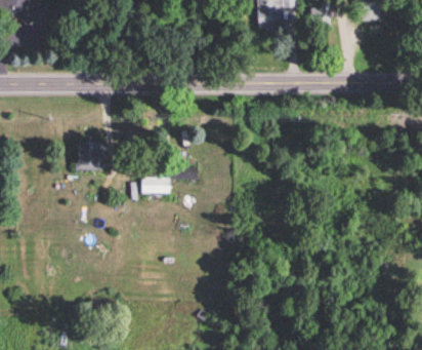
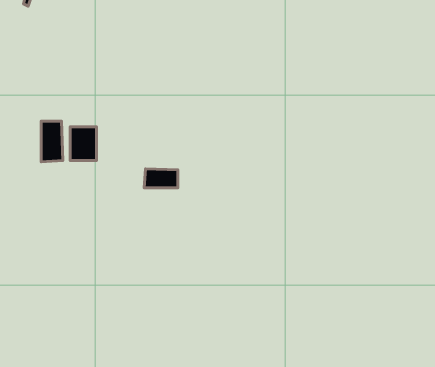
building: none -> [41,121,63,162]

